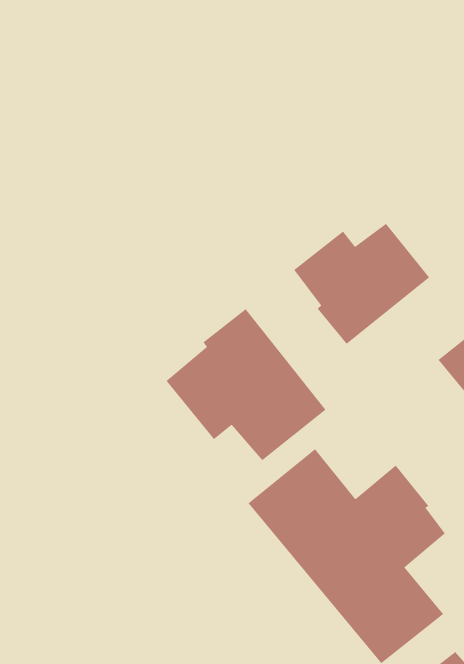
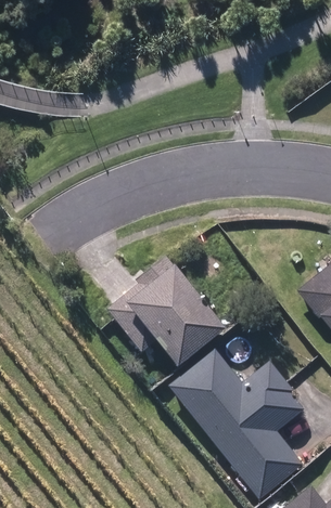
building: [293,223,430,345] -> none

